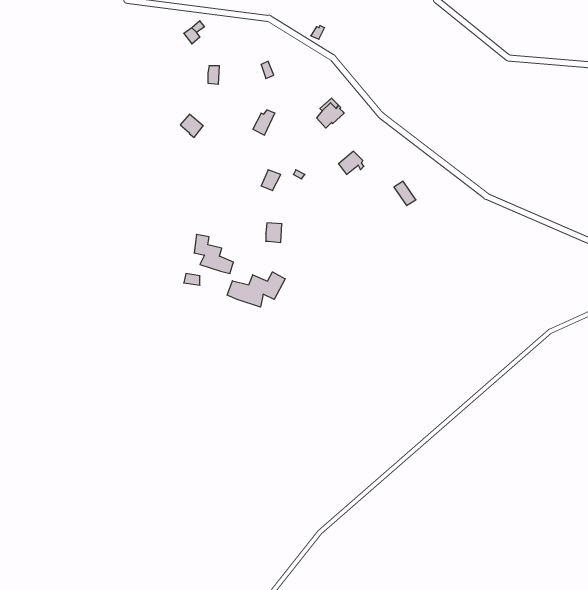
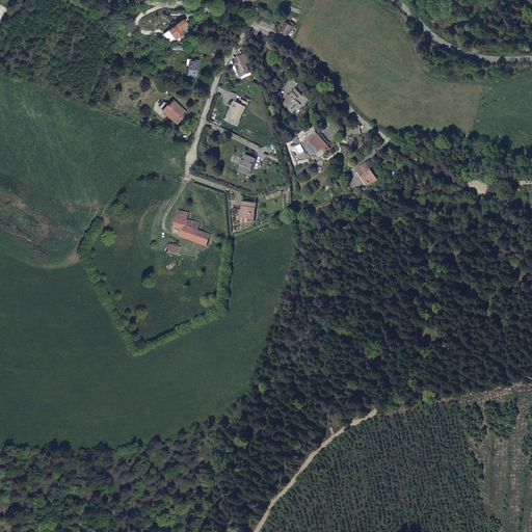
building: [227,272,285,307] -> none

